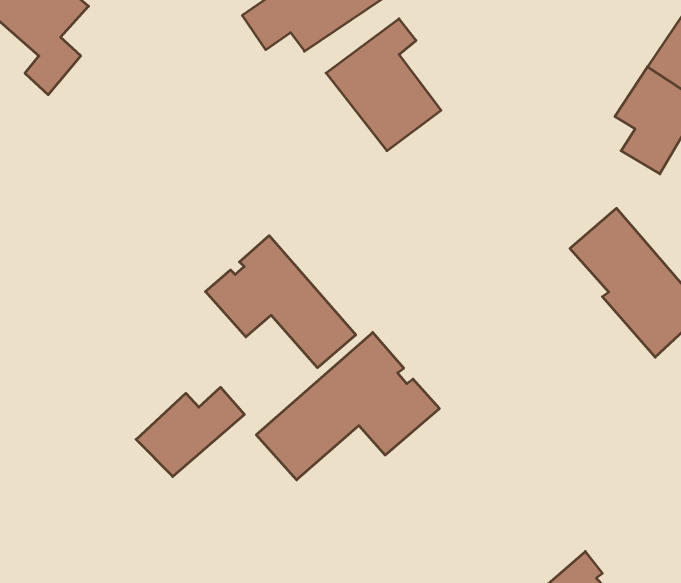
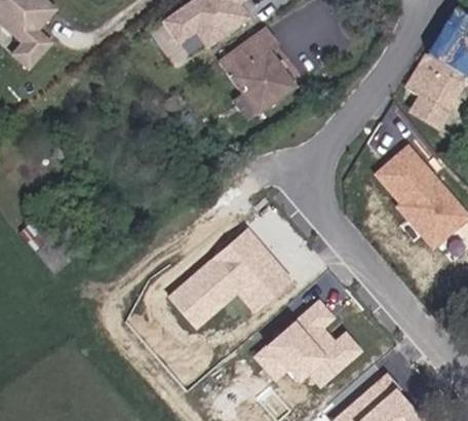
building: [205,236,356,368] -> none
building: [136,387,244,477] -> none
building: none -> [256,302,361,386]

